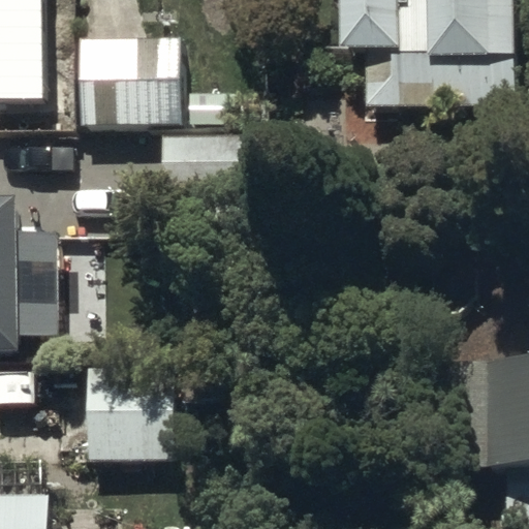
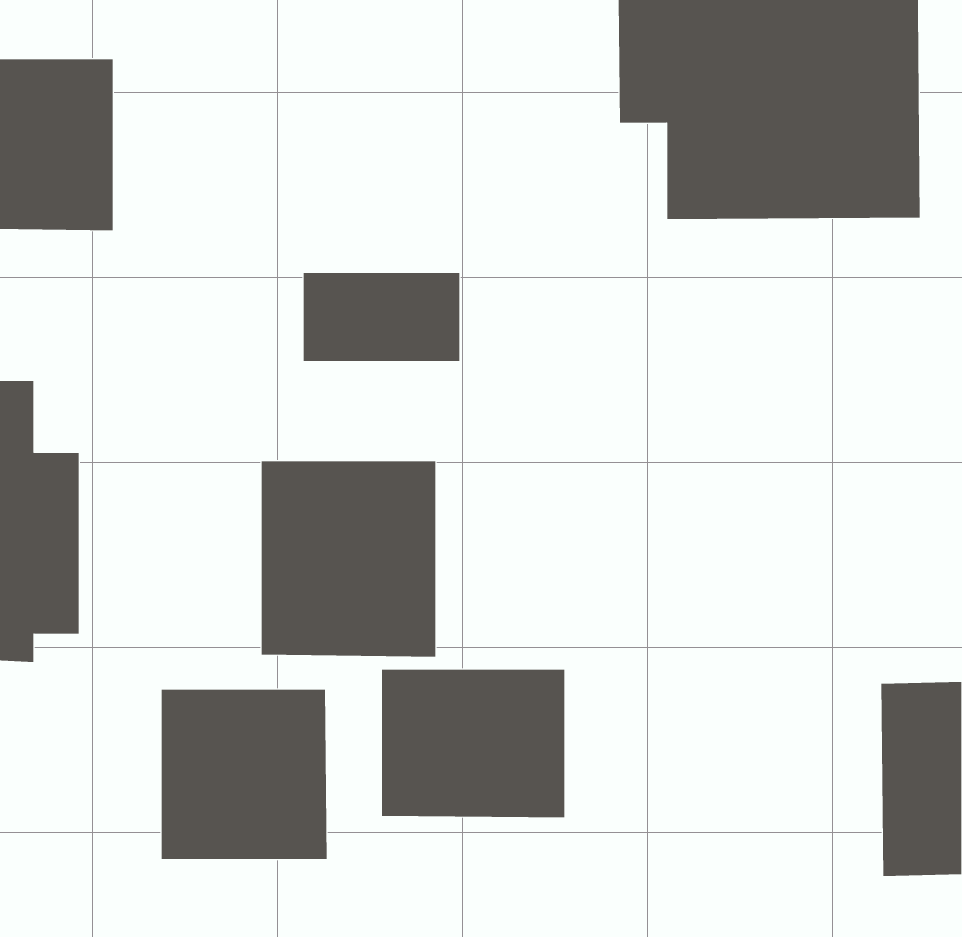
building: [81,52,189,137] -> none
building: none -> [261,460,436,657]
building: none -> [381,669,565,818]

